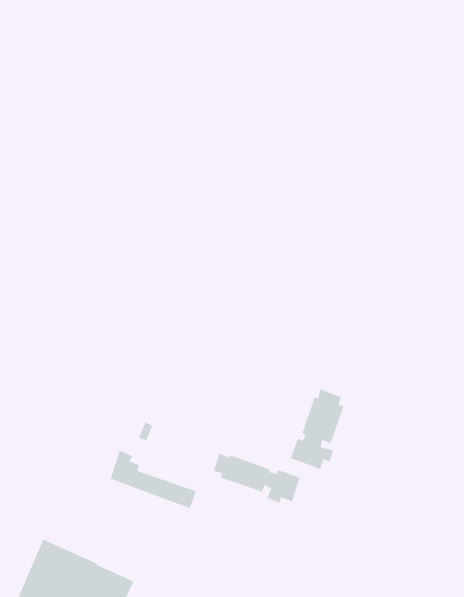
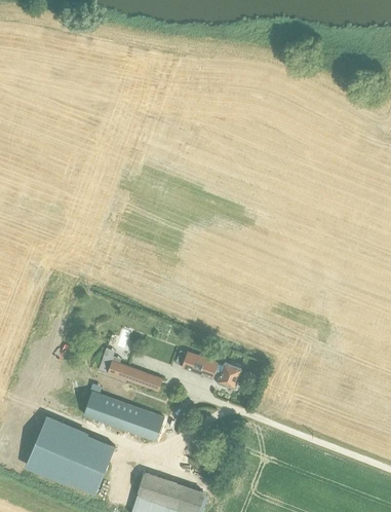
building: [290,389,344,470] -> none
building: none -> [84,391,166,441]

